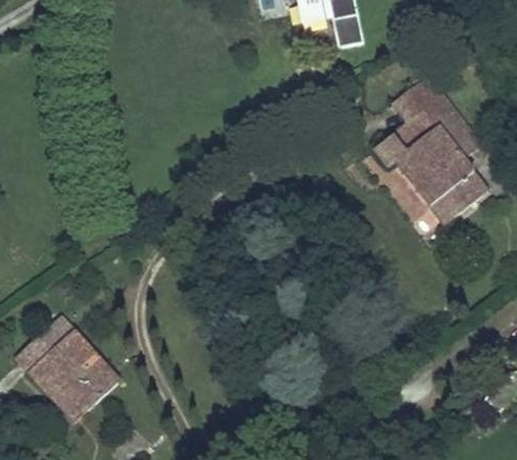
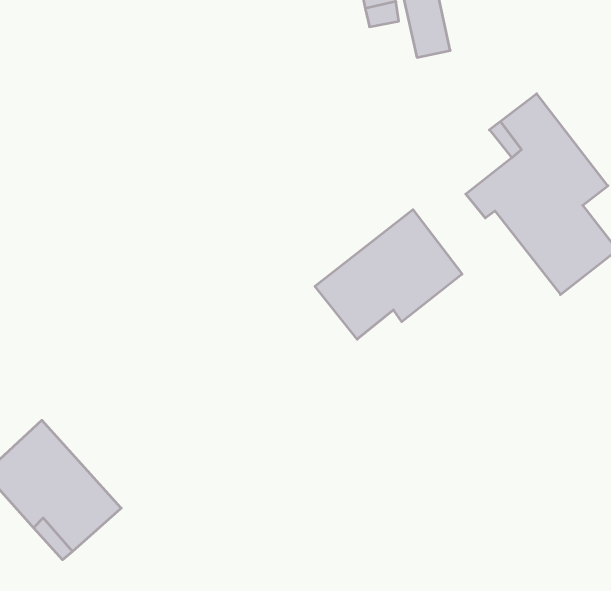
building: none -> [315,210,462,339]

